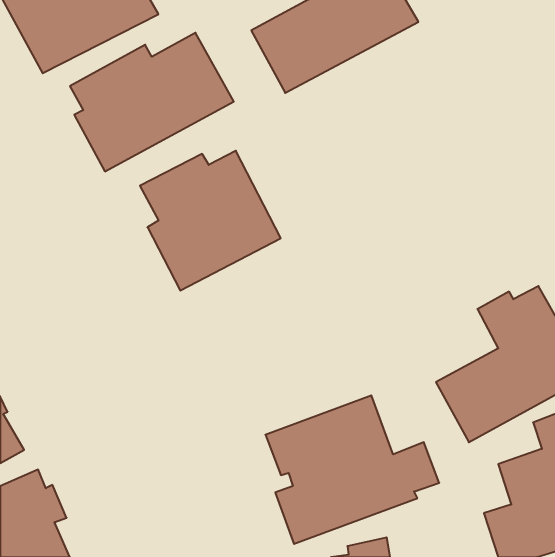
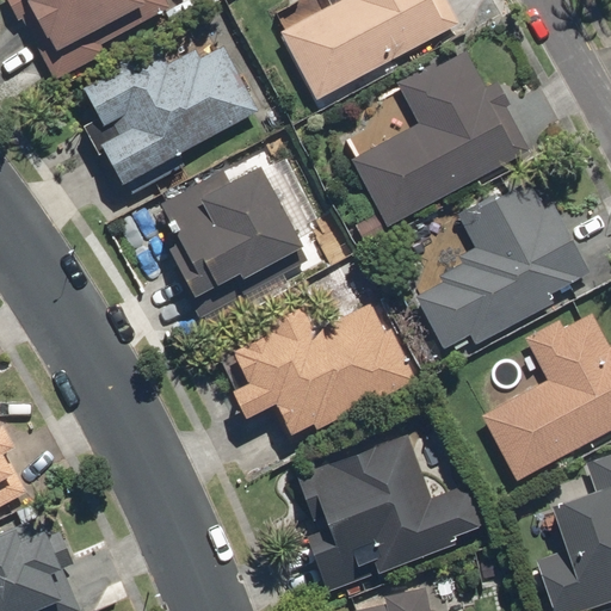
building: none -> [350,47,531,229]
building: none -> [412,177,591,350]
building: none -> [228,303,420,442]

